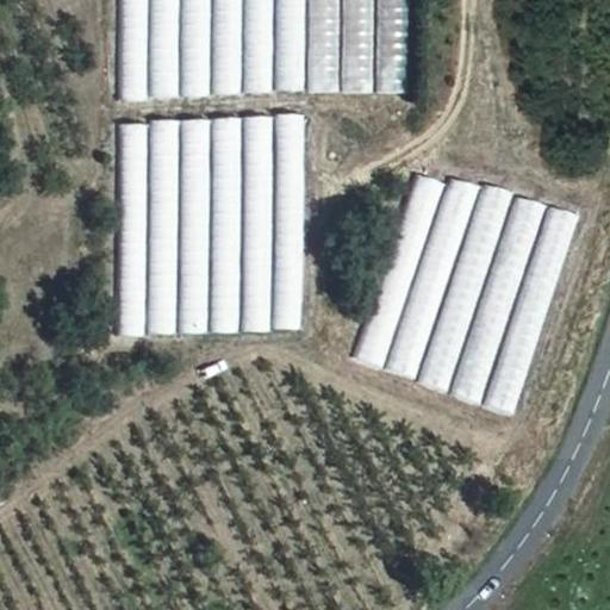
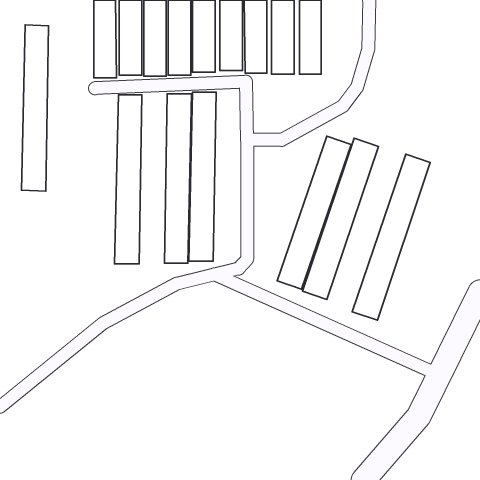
building: [272,113,306,329] -> none
building: [176,120,211,336] -> none
building: [113,125,148,336] -> [21,25,49,191]
building: [418,183,513,392] -> none
building: [483,206,579,418] -> none

